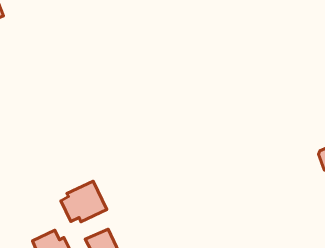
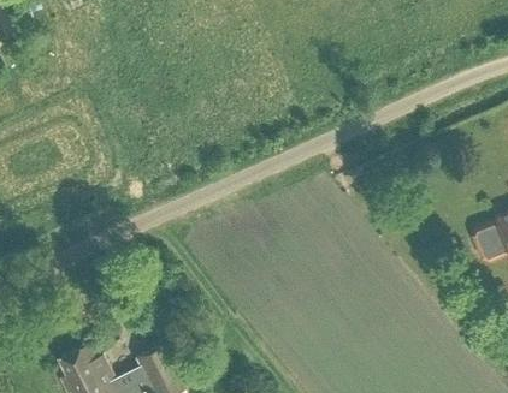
building: [61,181,107,222] -> none

